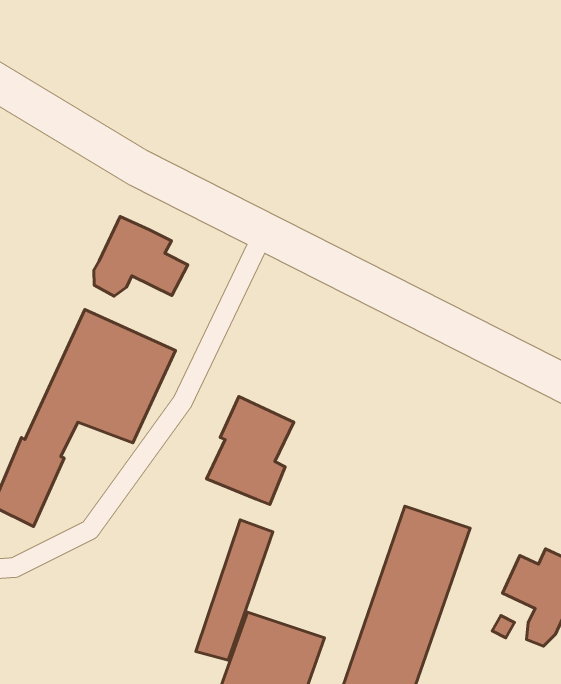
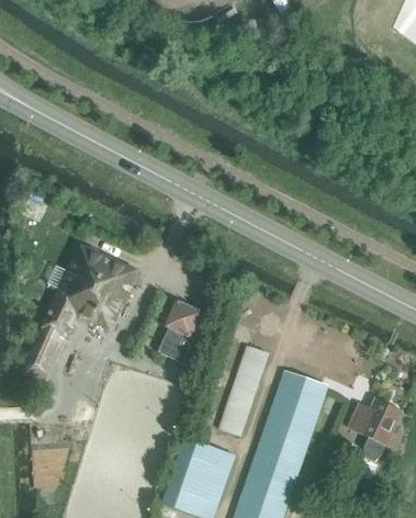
building: [94,217,188,296] -> none
building: [196,520,273,660] -> [220,345,269,435]

